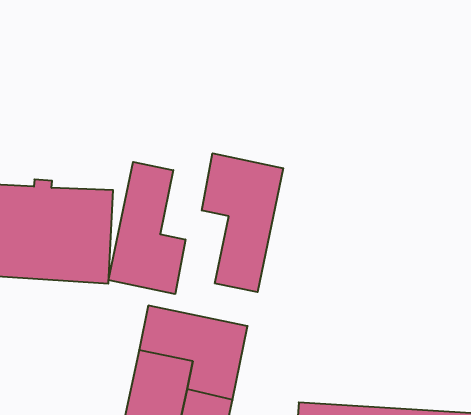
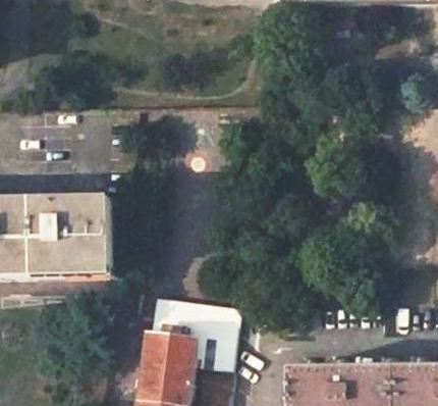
building: [202,153,283,292] -> none
building: [109,162,185,294] -> none

